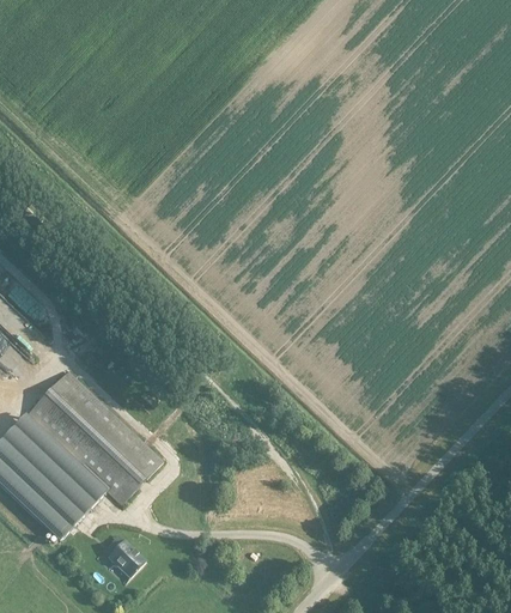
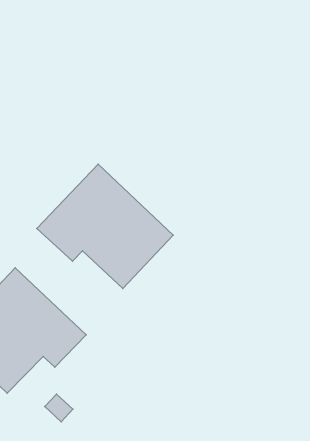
building: none -> [37,164,173,288]

